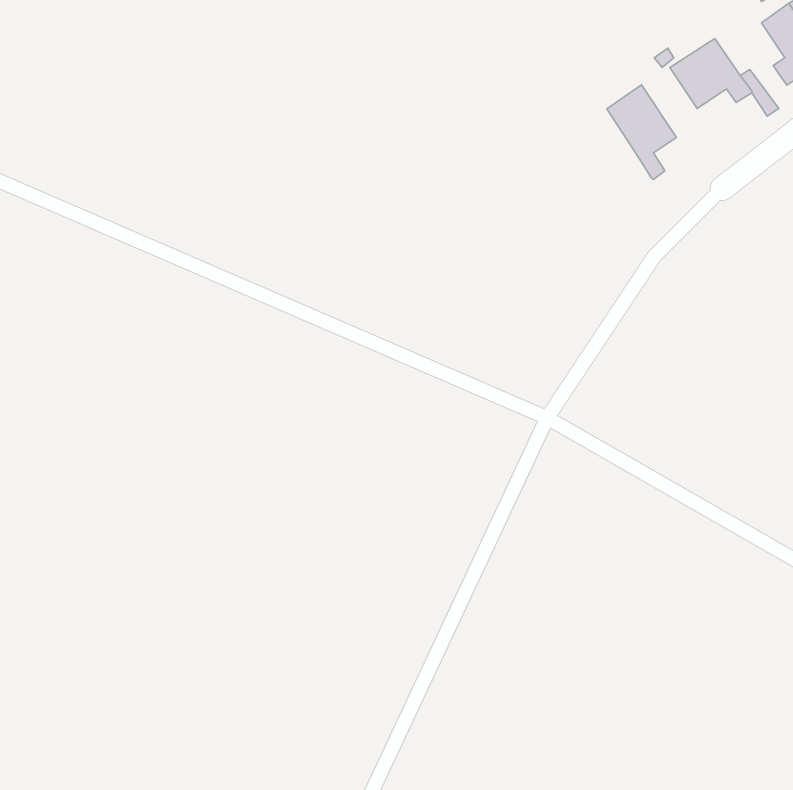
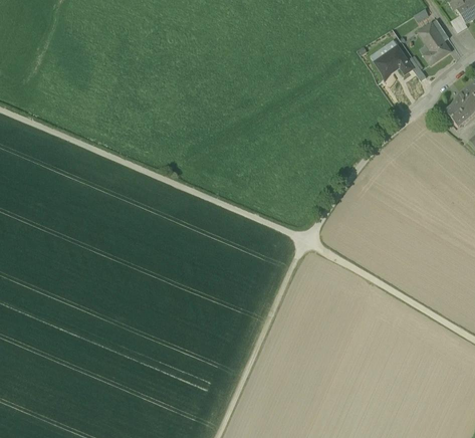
building: [607,85,676,179] -> none

